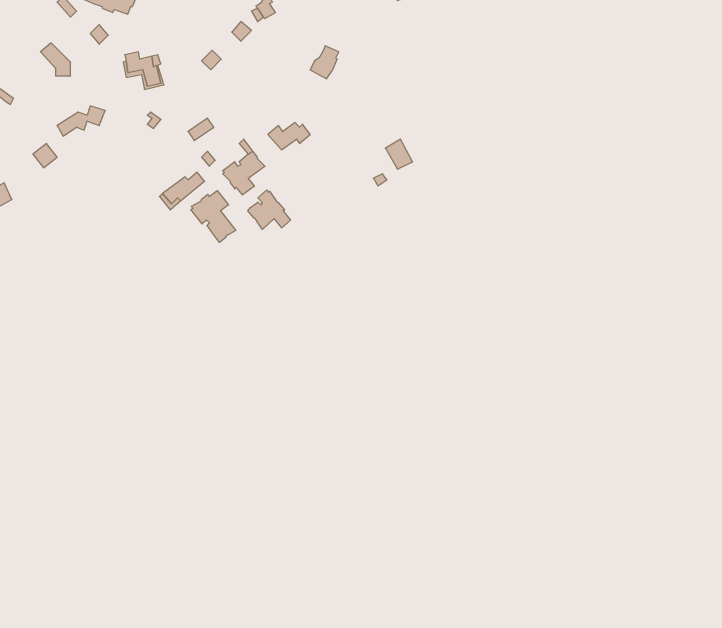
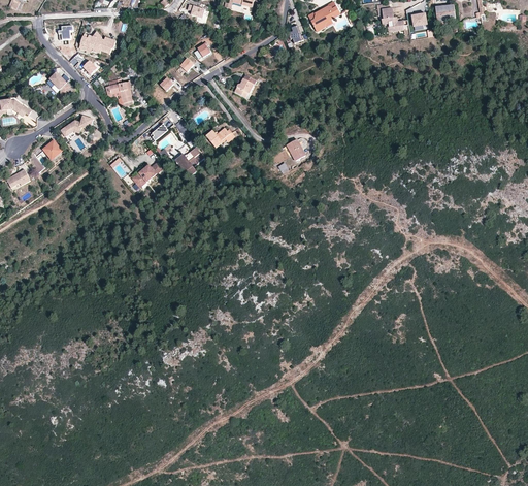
building: [248,190,291,229] -> none
building: [191,191,236,242] -> none

